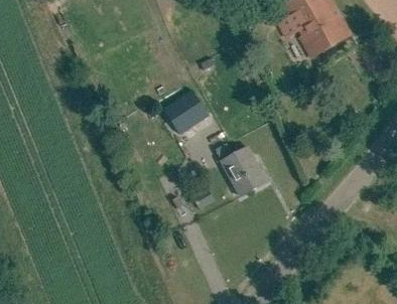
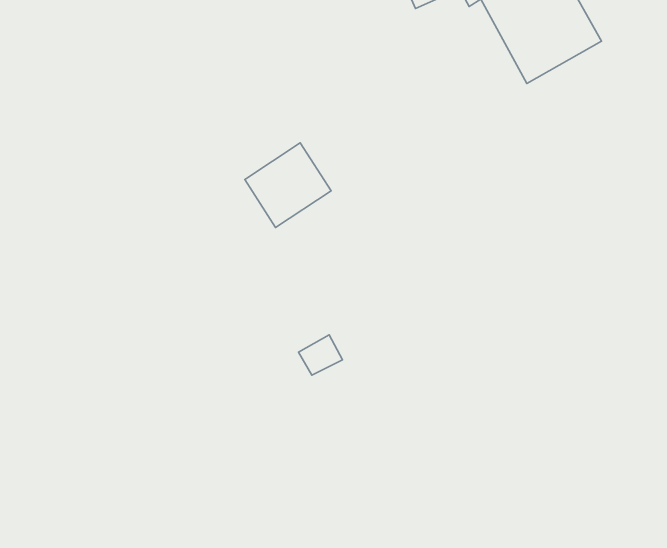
building: [217,146,265,196] -> none

